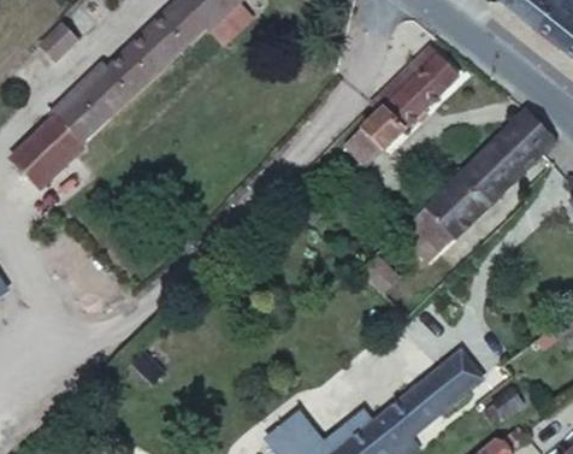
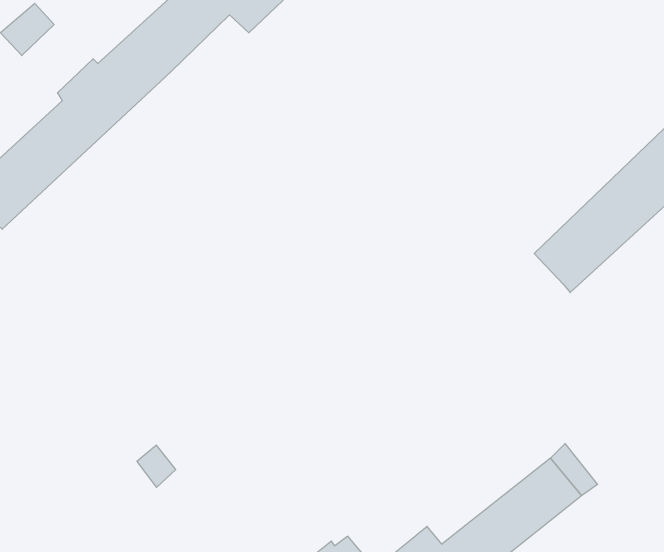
building: [343,48,462,176] -> none
building: [417,205,463,260] -> none

